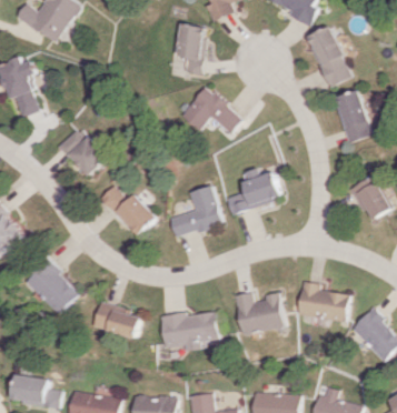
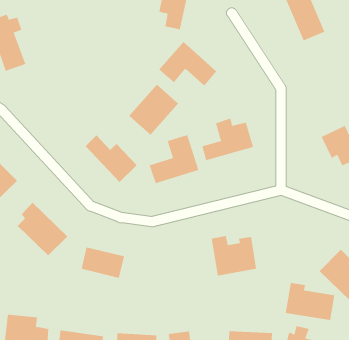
building: [334,89,373,142] -> none
building: [57,125,106,175] -> none
building: none -> [129,84,179,135]
building: [294,281,347,321] -> [285,283,335,320]
building: [159,310,218,351] -> none

